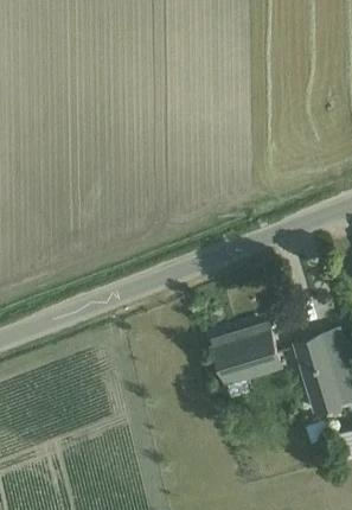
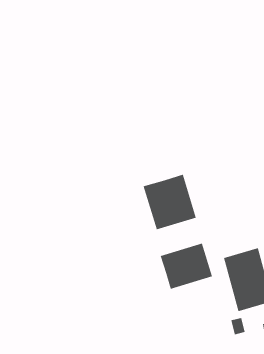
building: none -> [143,174,197,230]

